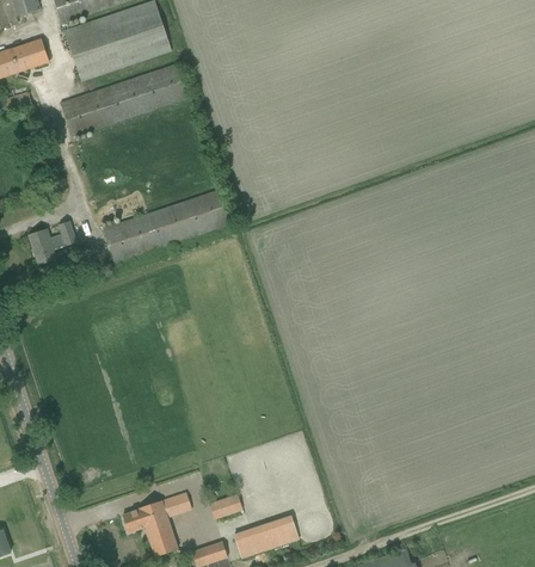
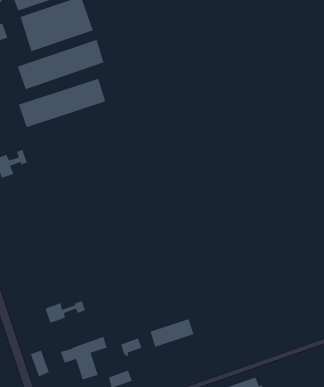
building: [102,190,229,263] -> [18,78,106,128]
building: none -> [44,300,86,324]
building: none -> [30,350,50,377]
building: [233,516,299,559] -> [149,318,195,348]

